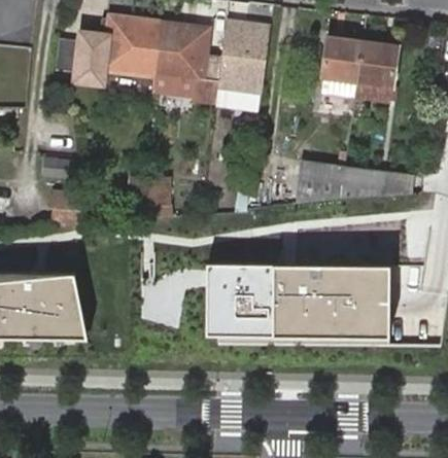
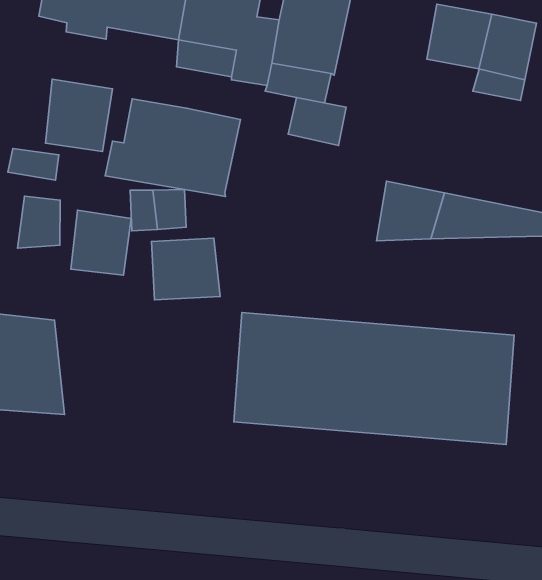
building: none -> [46,79,112,152]
building: none -> [288,97,346,145]
building: none -> [105,99,241,197]
building: none -> [71,210,131,275]
building: none -> [152,238,220,300]

